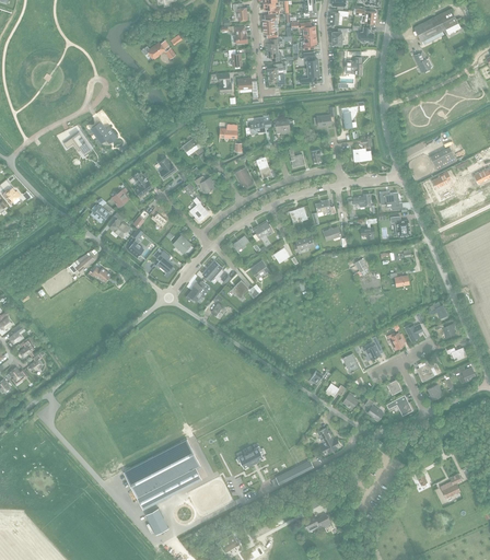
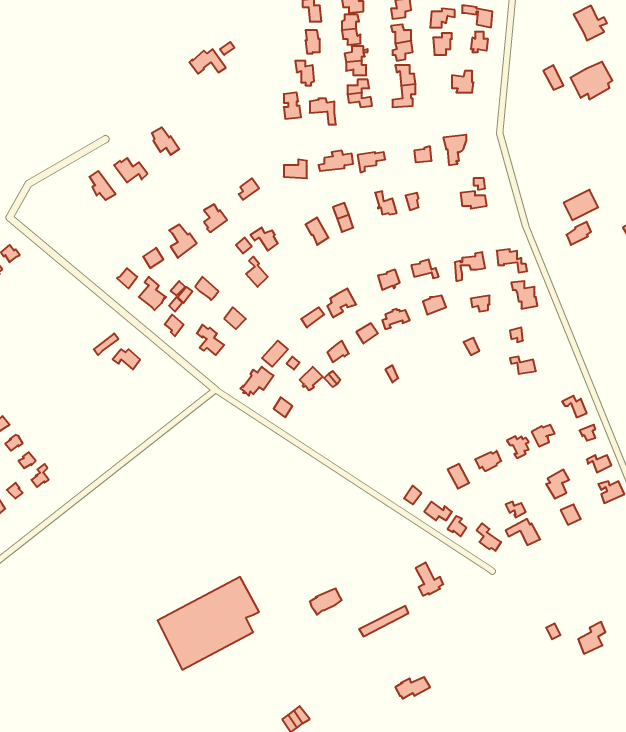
building: [412,13,444,42] -> [570,62,612,99]

